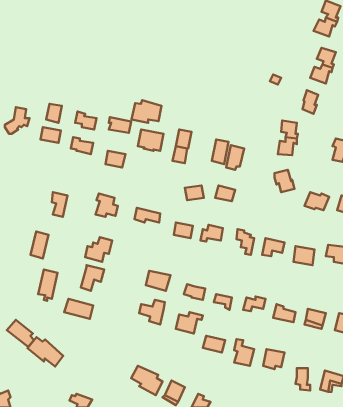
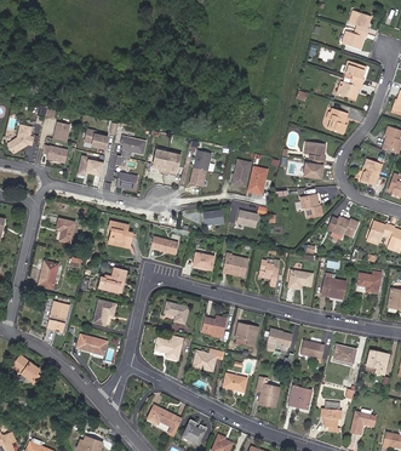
building: [131,100,161,123] -> none
building: [27,337,63,366] -> none

